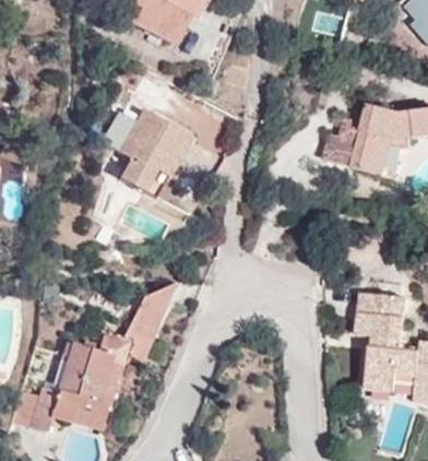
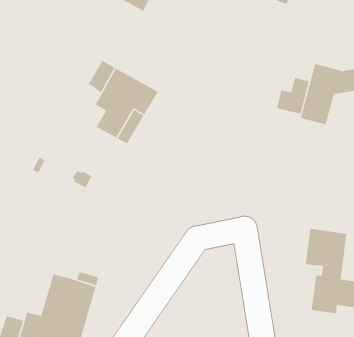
building: [128,280,177,359] -> none

